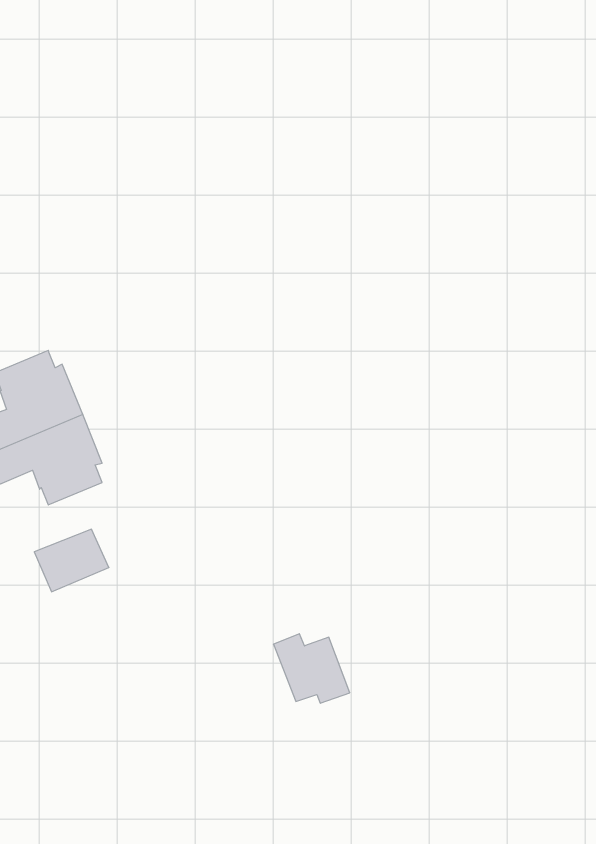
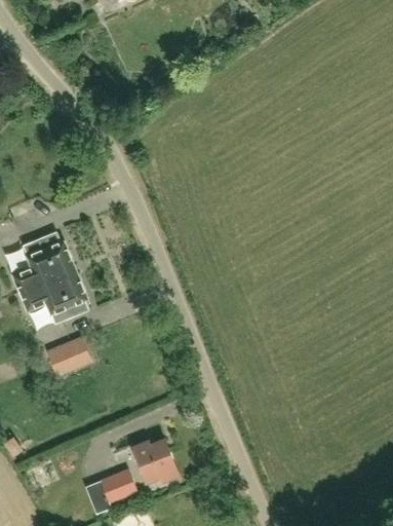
building: [273,634,350,703] -> [132,441,178,482]
building: none -> [99,468,135,501]

